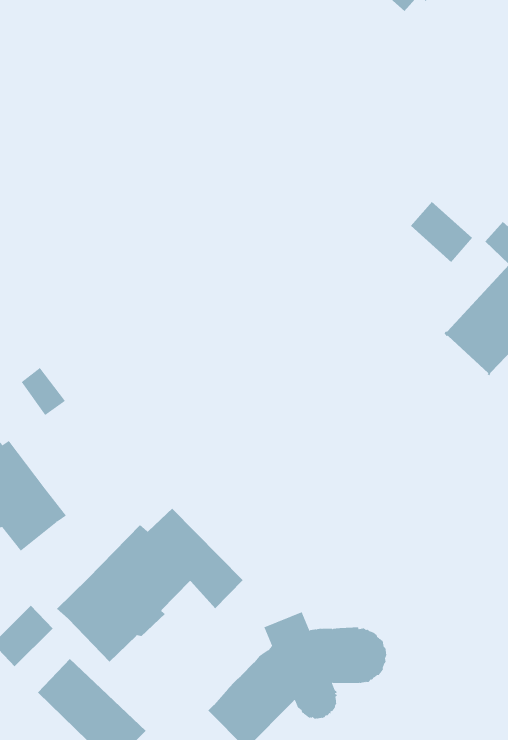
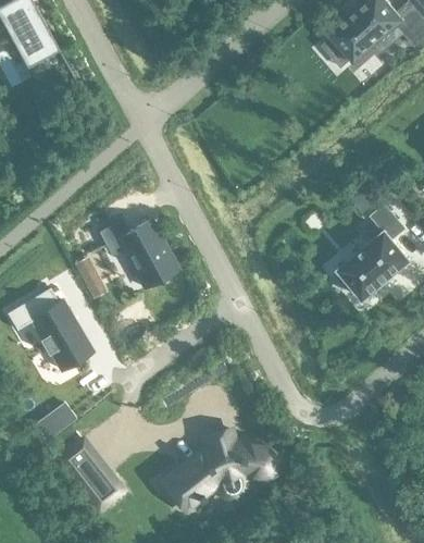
building: [410,201,473,263] -> none
building: none -> [97,219,176,288]
building: [56,508,243,663] -> none

